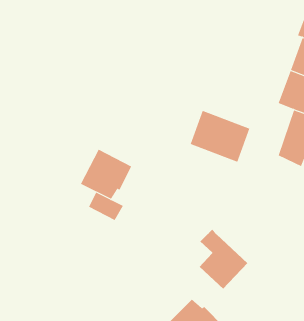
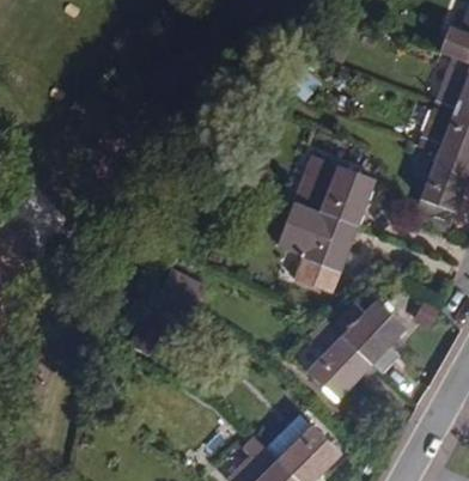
building: none -> [286,201,360,294]
building: [80,149,132,200] -> none
building: none -> [331,299,407,365]

